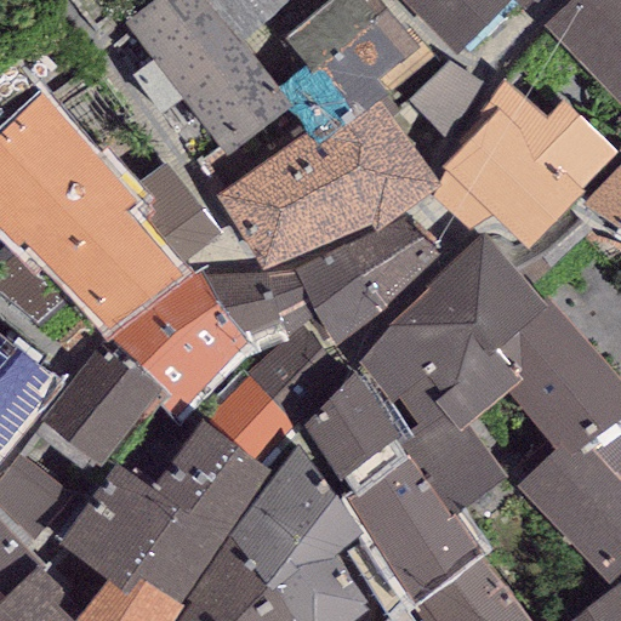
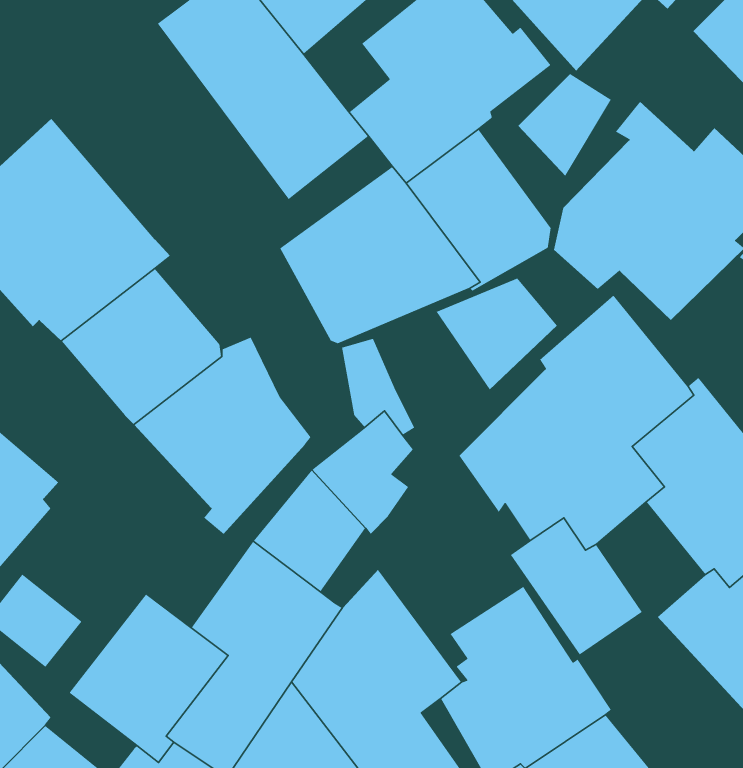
building: [124,159,221,269] -> none
building: [295,245,386,349] -> none
building: [199,263,286,354] -> none
building: [39,334,167,467] -> none
building: [304,372,412,497] -> none

